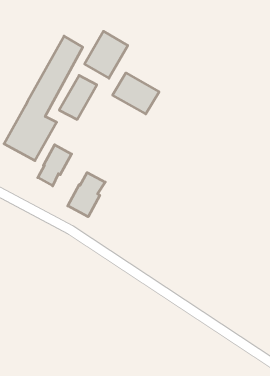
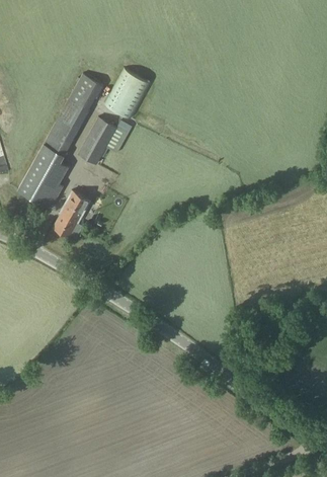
building: [113,73,159,114] -> none
building: [68,173,105,217] -> none

